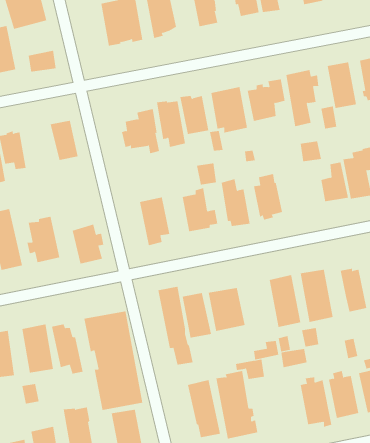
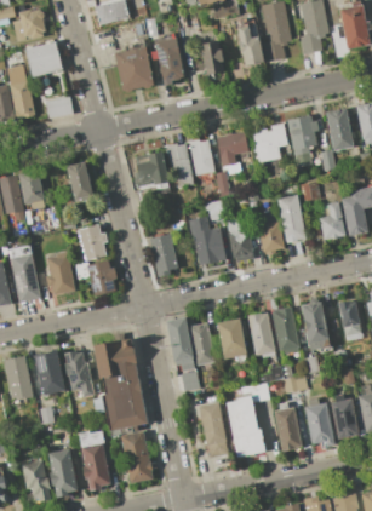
building: none -> [277,195,305,243]
building: none -> [78,224,108,260]
building: none -> [247,311,277,360]
building: none -> [273,406,297,454]

